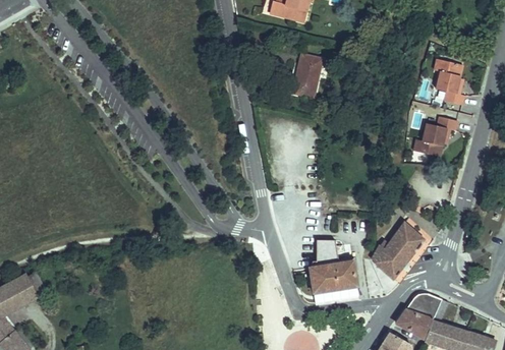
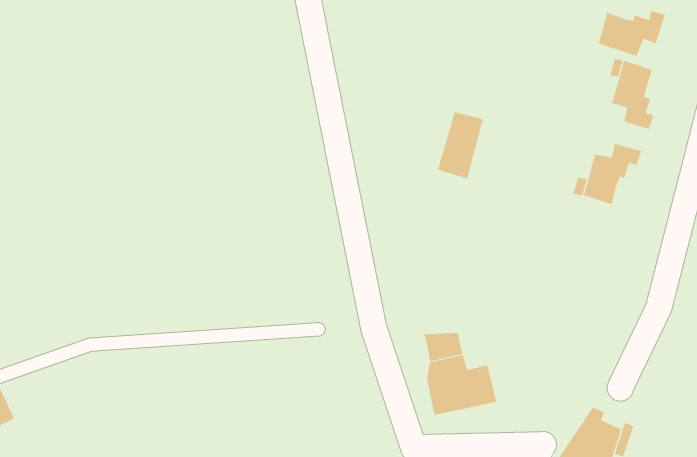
building: none -> [598,10,665,57]
building: [294,52,325,97] -> [437,111,483,179]
building: [370,220,420,275] -> none

